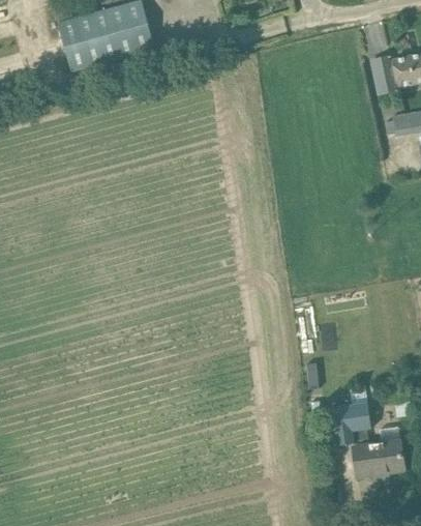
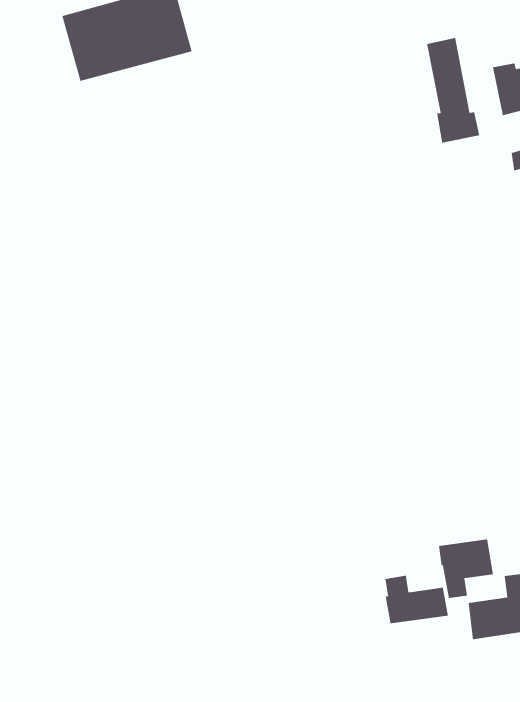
building: none -> [427,37,480,144]
building: none -> [385,575,448,624]

